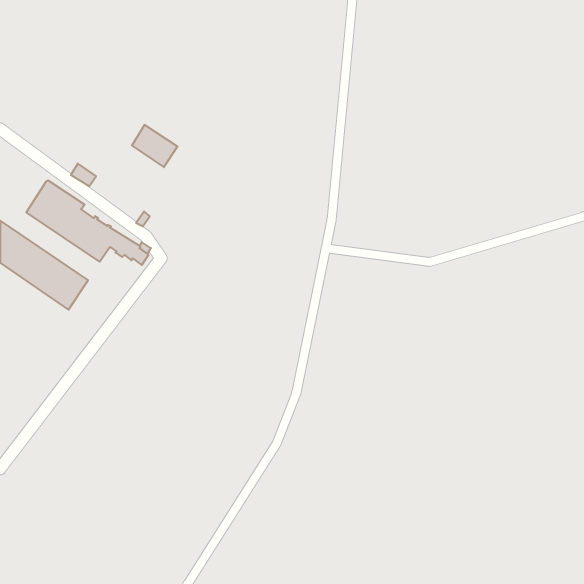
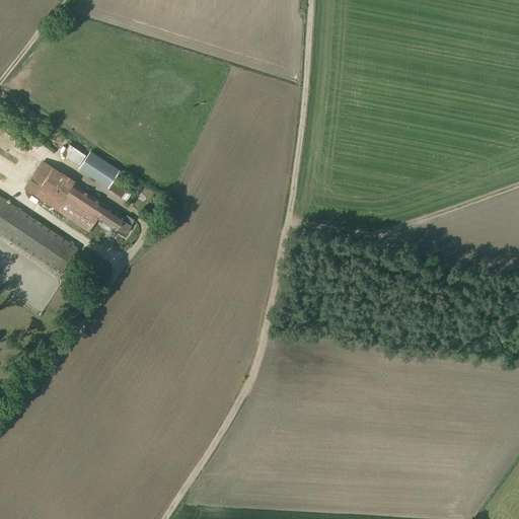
building: [132,125,178,167] -> [79,151,120,189]

